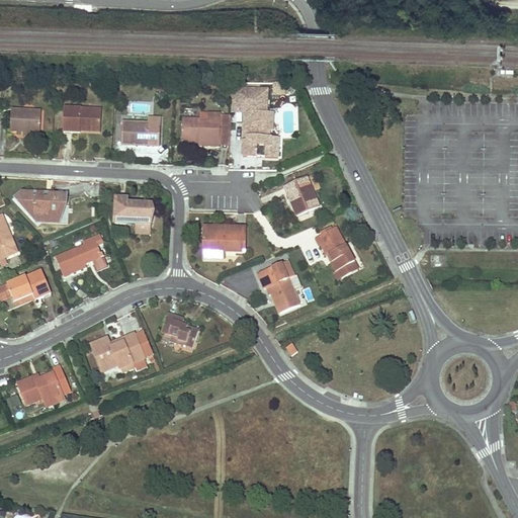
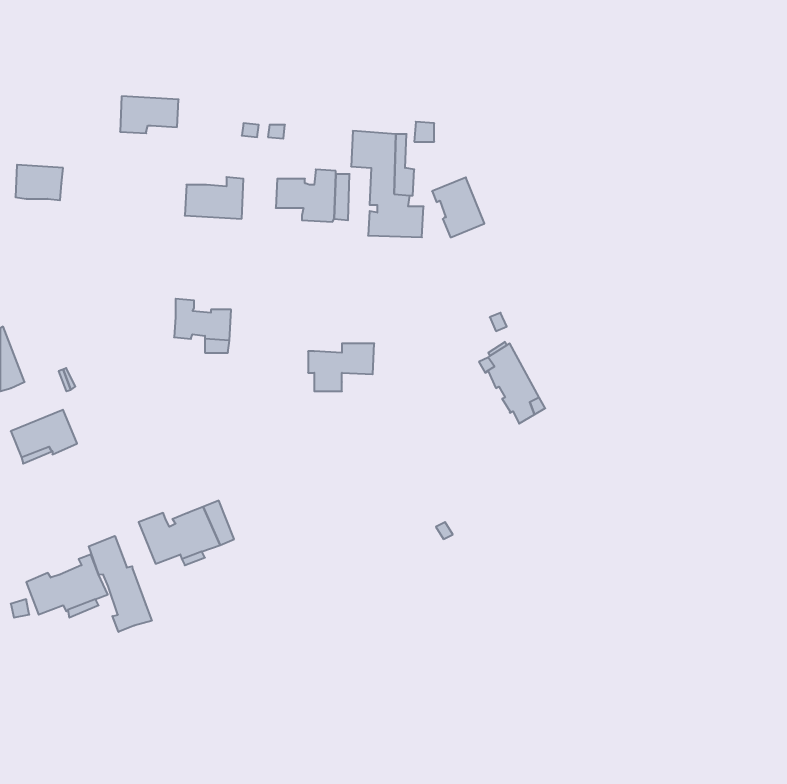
building: [63,106,101,131] -> [120,96,179,133]
building: [284,176,319,215] -> [432,177,484,237]
building: [15,191,67,219] -> none
building: [56,234,103,276] -> none
building: [258,260,299,313] -> none
building: [161,313,198,346] -> none
building: none -> [89,536,152,632]

